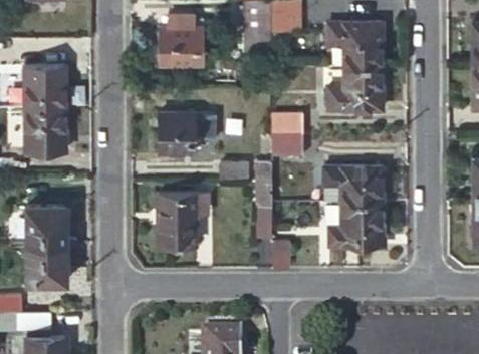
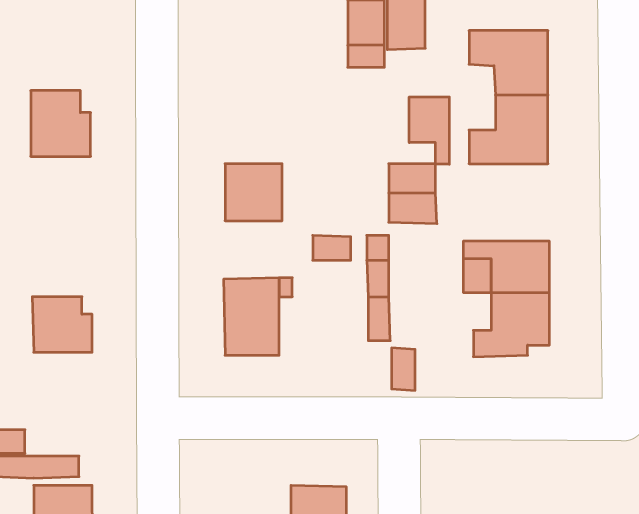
building: [158,15,205,62] -> none
building: none -> [409,97,449,164]
building: [25,108,66,151] -> none
building: [27,243,67,282] -> none

